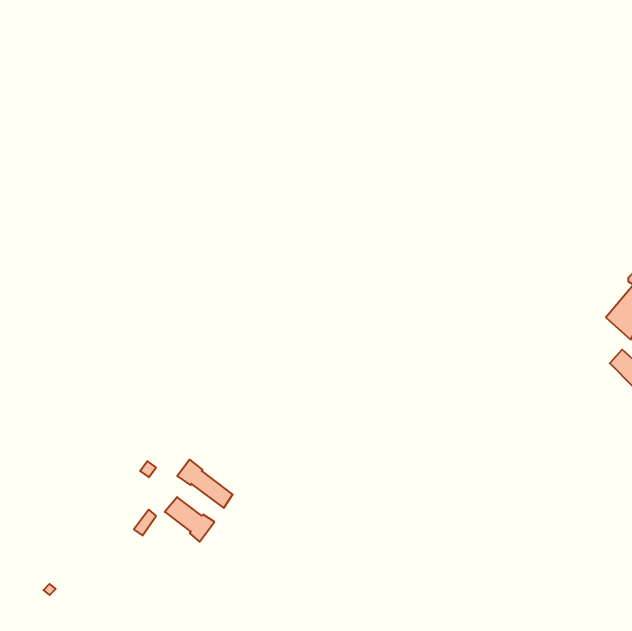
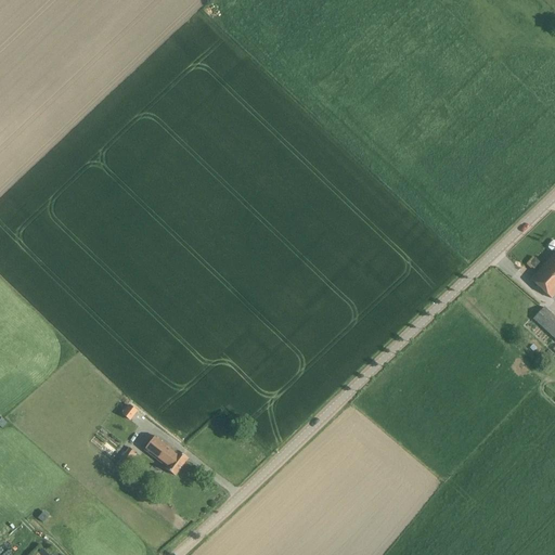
building: [177,460,233,508] -> none

